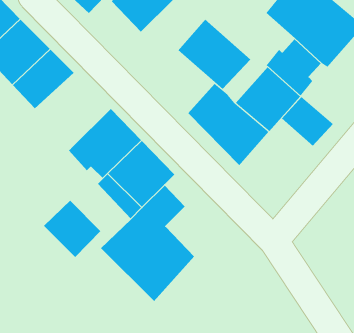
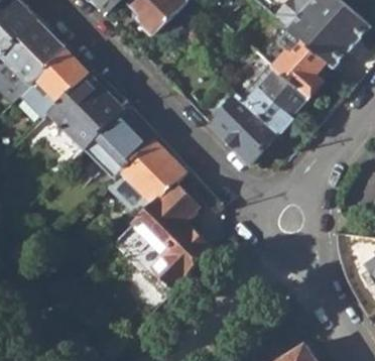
building: [178,19,251,90] -> none
building: none -> [48,73,124,146]
building: [281,96,334,146] -> none
building: [43,200,101,258] -> none

